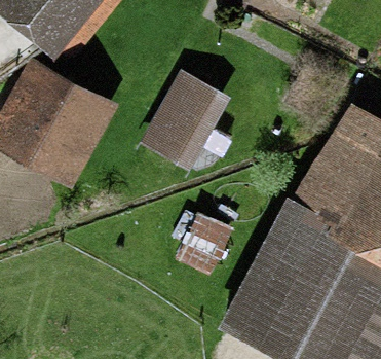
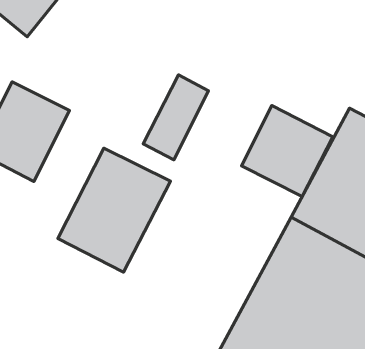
building: none -> [242,105,333,196]
building: none -> [58,148,170,272]

